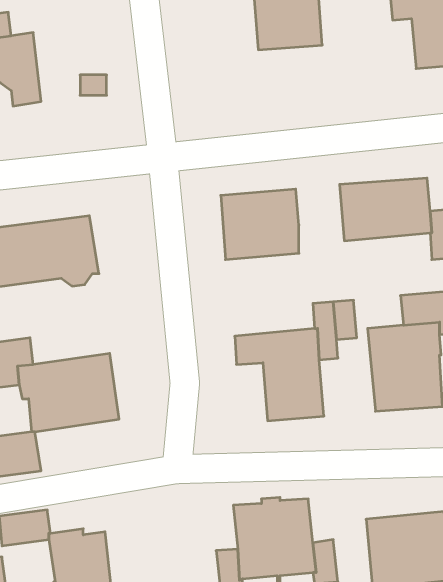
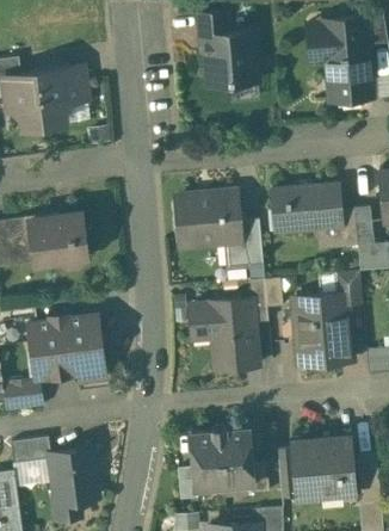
building: none -> [36,67,86,125]
building: none -> [239,218,263,265]

